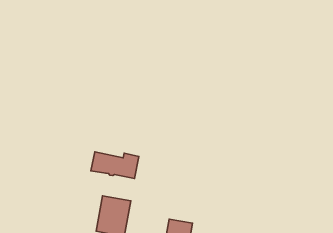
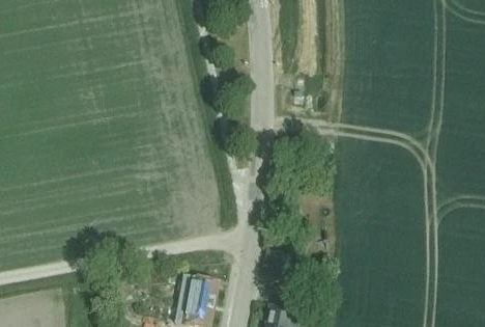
building: [91,152,139,179] -> none

